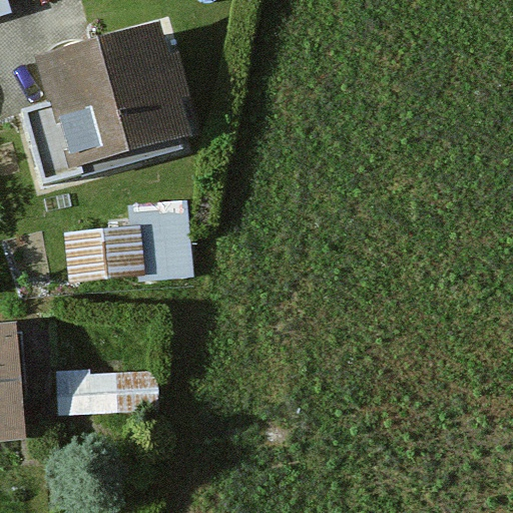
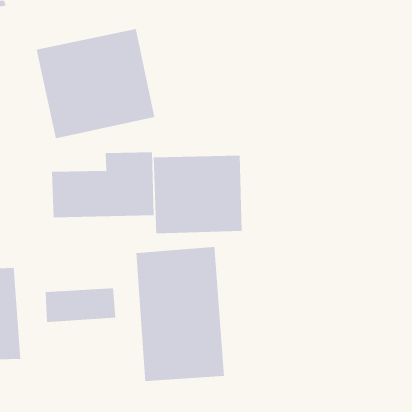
building: none -> [153,155,242,234]
building: none -> [136,246,225,382]

